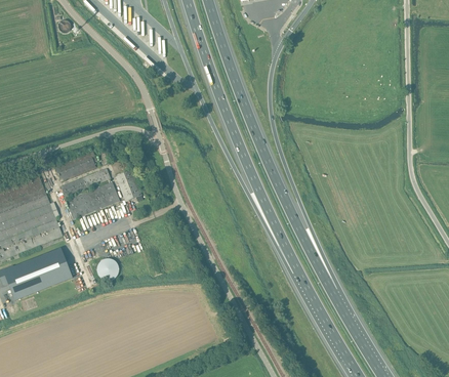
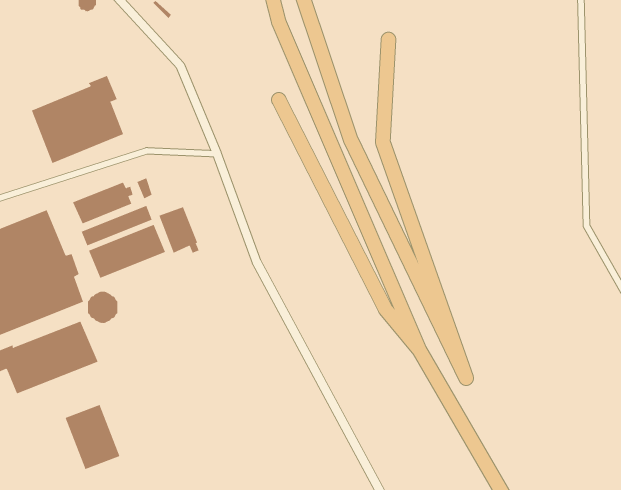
building: none -> [31,75,124,164]
building: [97,257,119,280] -> [87,291,118,323]
building: none -> [65,404,120,470]

